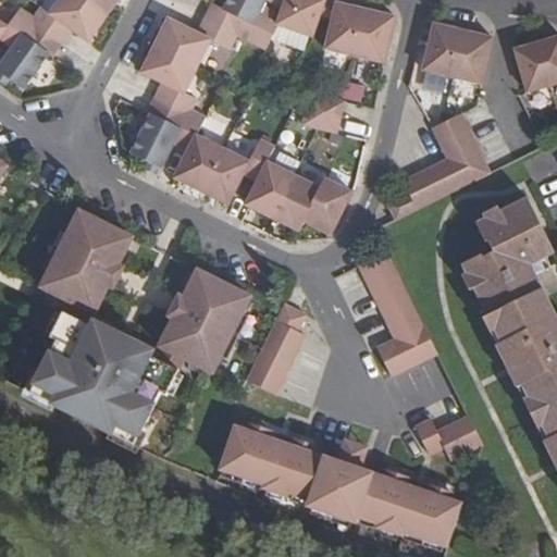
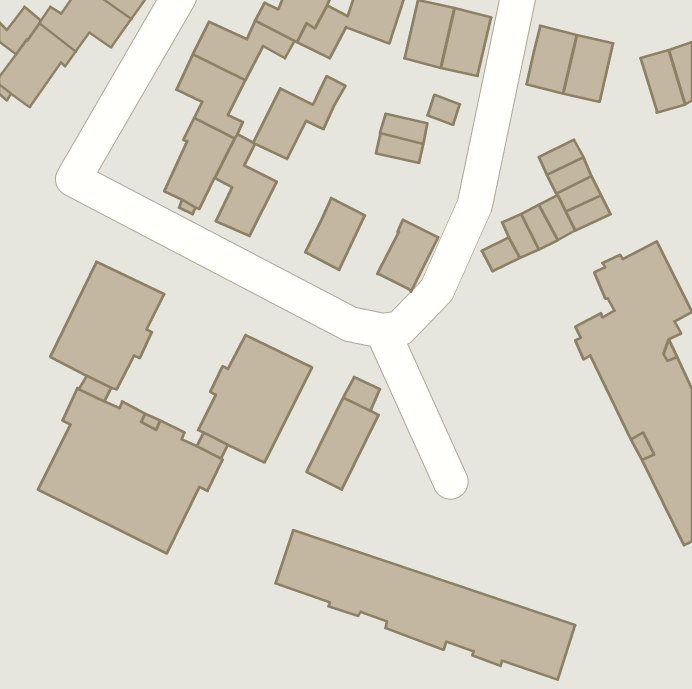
building: [200,136,274,202] -> [253,76,345,159]
building: [272,173,320,230] -> none
building: [358,249,437,374] -> none
building: [414,413,482,458] -> none

